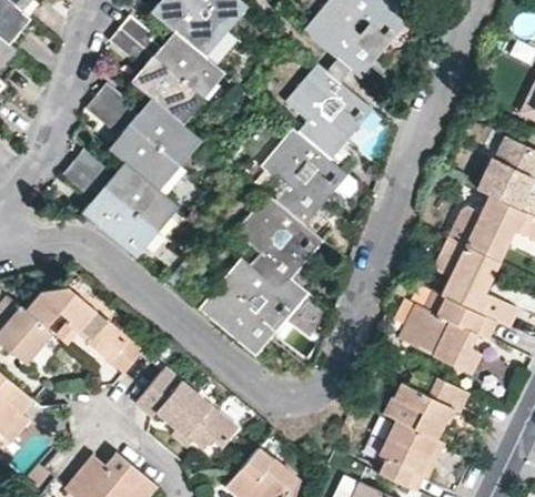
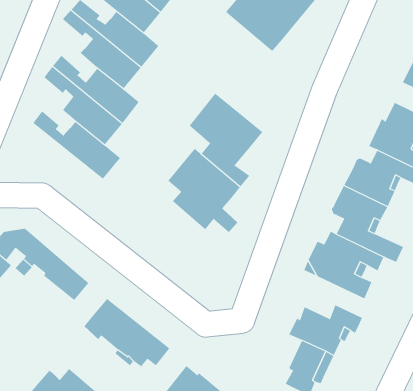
building: [286,62,374,173] -> none
building: [64,162,159,257] -> none
building: [199,255,333,371] -> none

